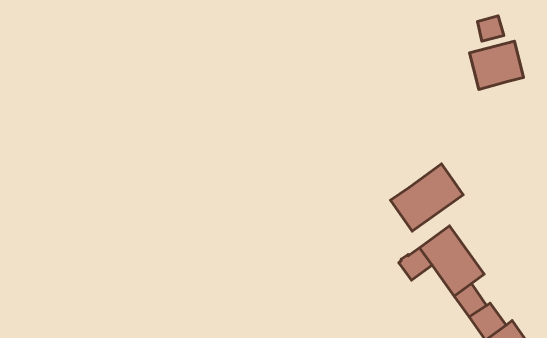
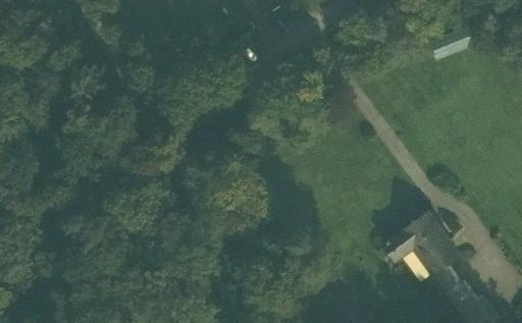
building: [469,41,524,89] -> none
building: [391,164,463,231] -> none

